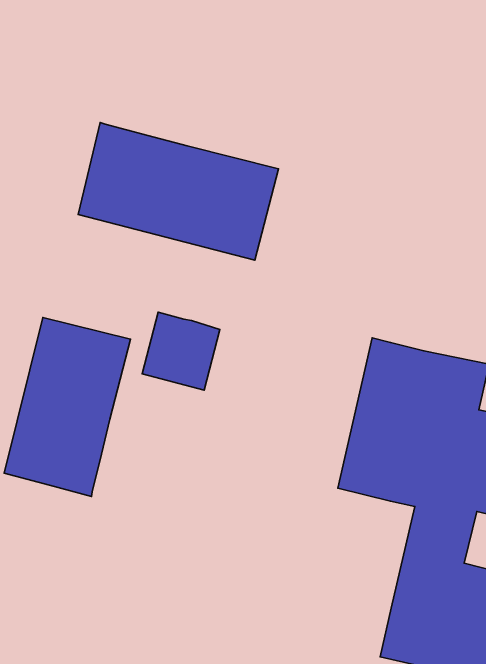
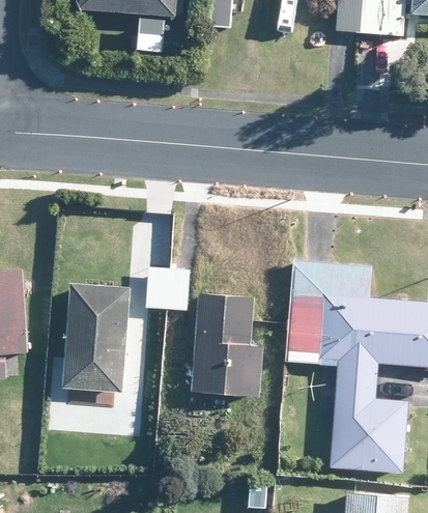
building: [78,123,278,260] -> none
building: none -> [191,290,261,392]

